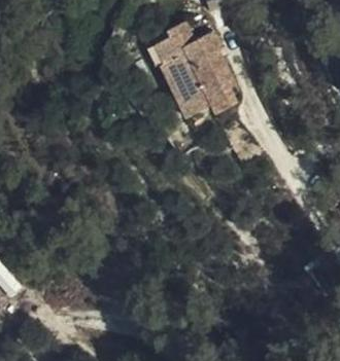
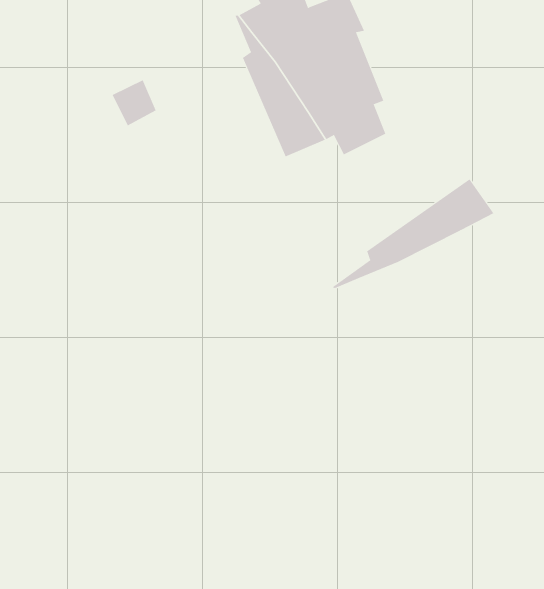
building: none -> [332,179,494,289]

